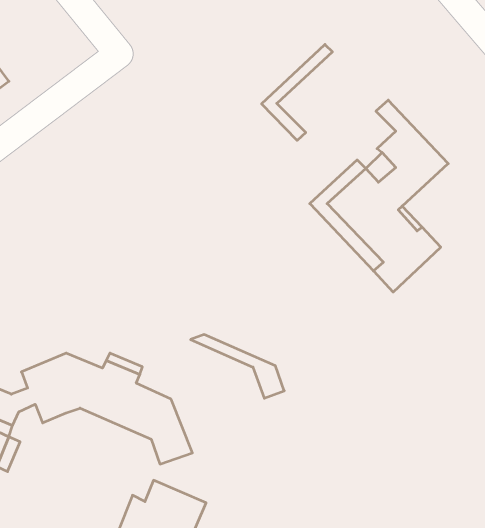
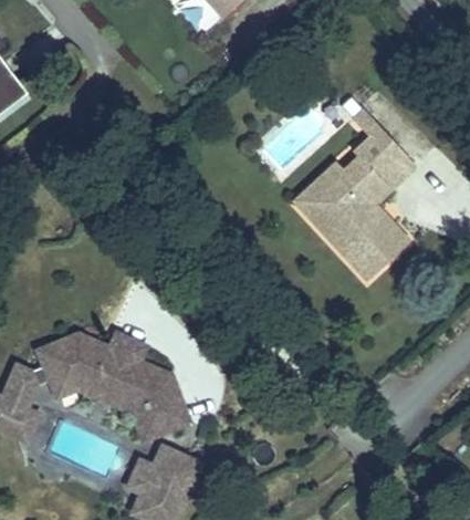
building: [262,44,332,140] -> none
building: [191,335,284,398] -> [77,383,160,439]

